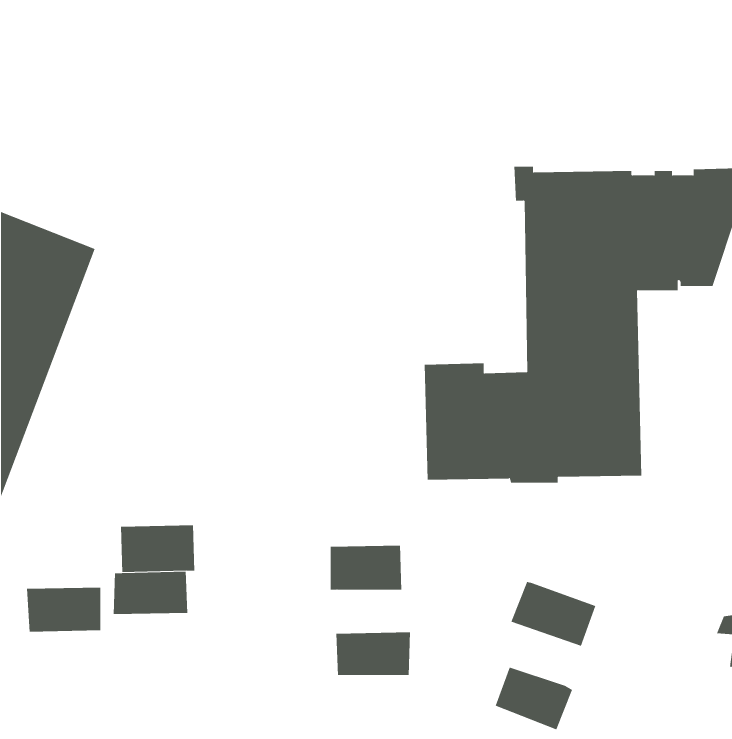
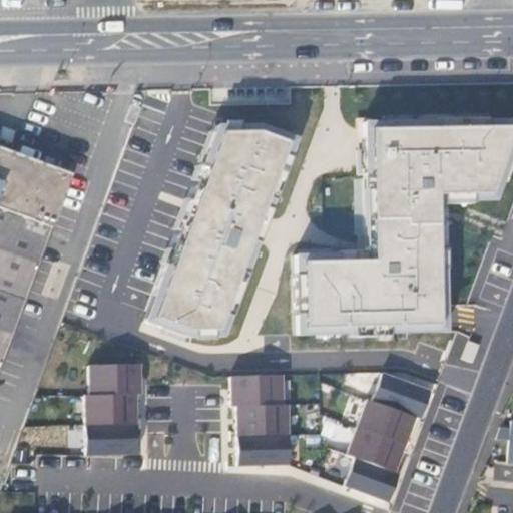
building: none -> [147,122,299,335]
building: none -> [374,376,434,422]
building: [26,587,101,632] -> [83,425,135,456]
building: none -> [237,408,290,439]
building: none -> [349,431,408,475]

